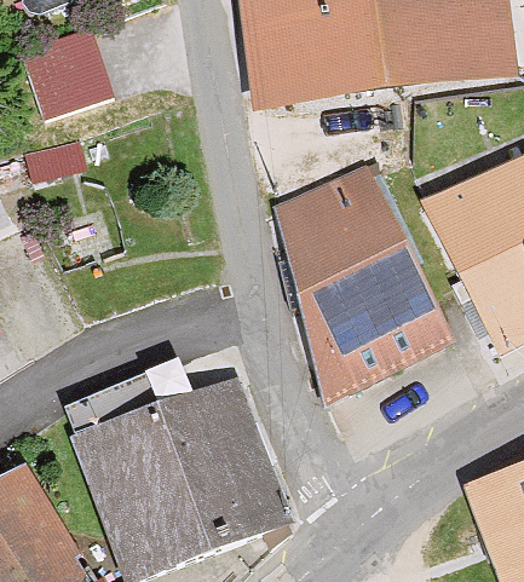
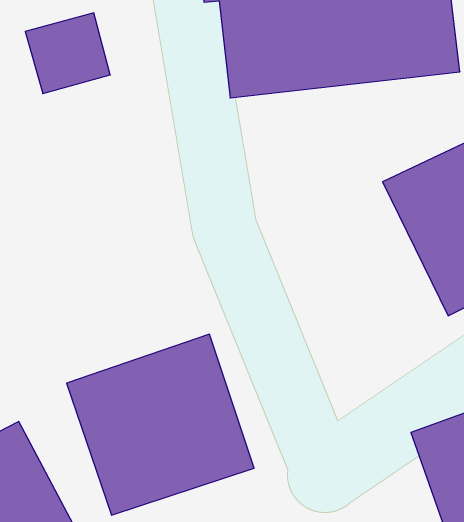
building: [270,173,442,403] -> none

